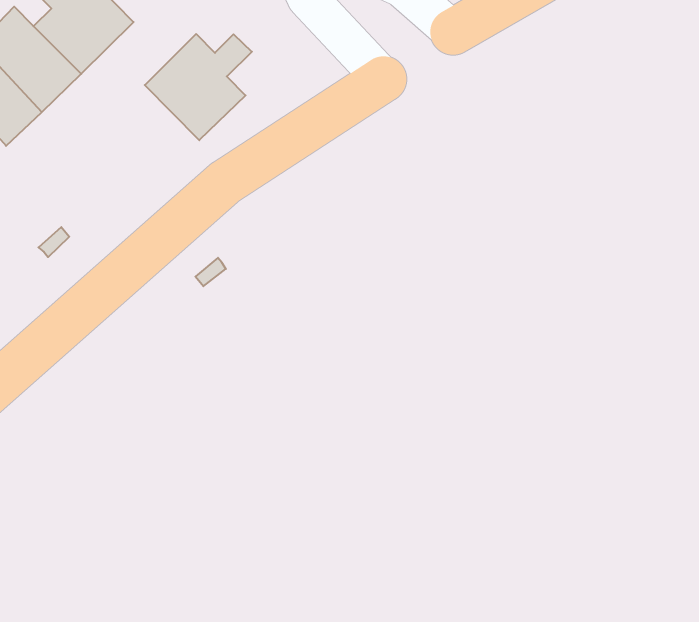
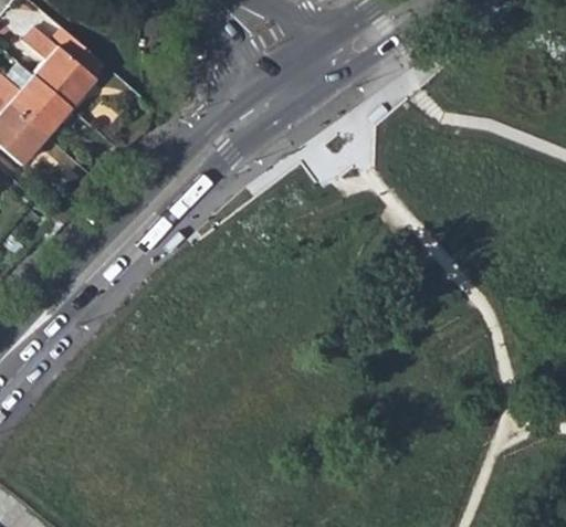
building: [145,34,252,140] -> none

